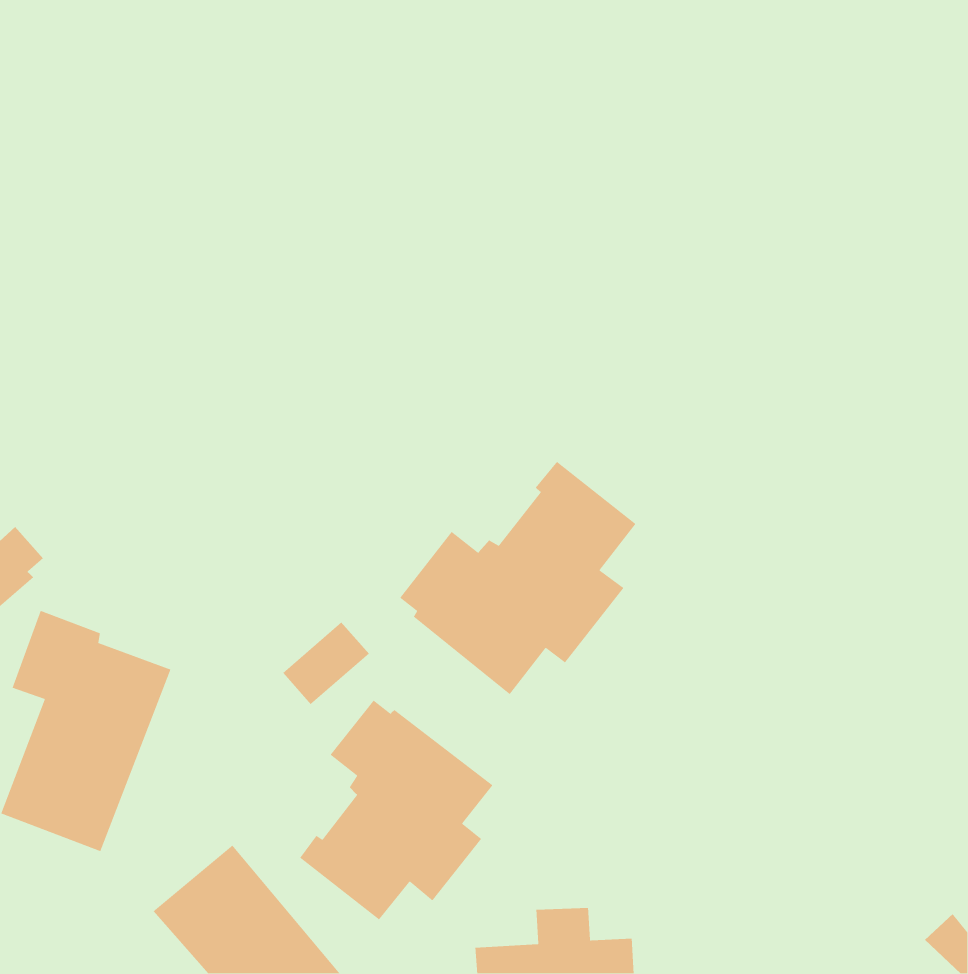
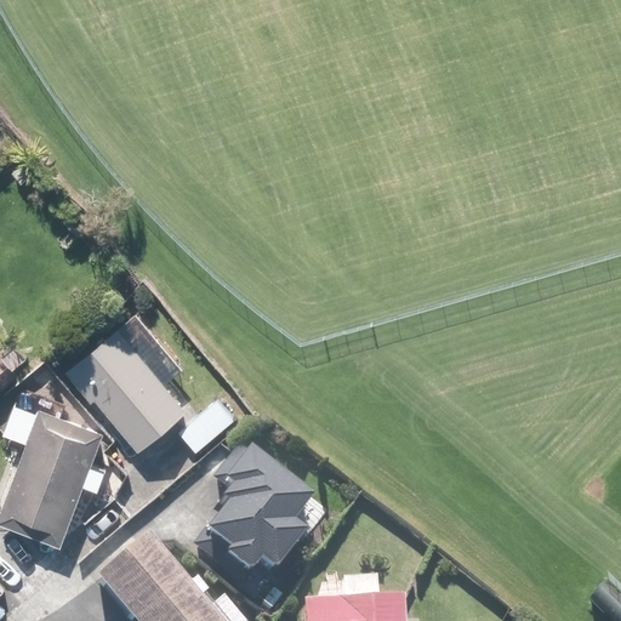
building: [399,461,637,695] -> none
building: none -> [68,324,190,446]

